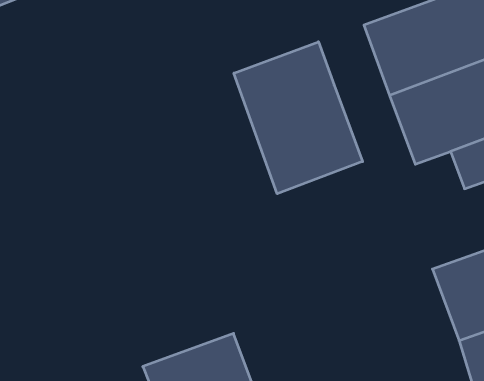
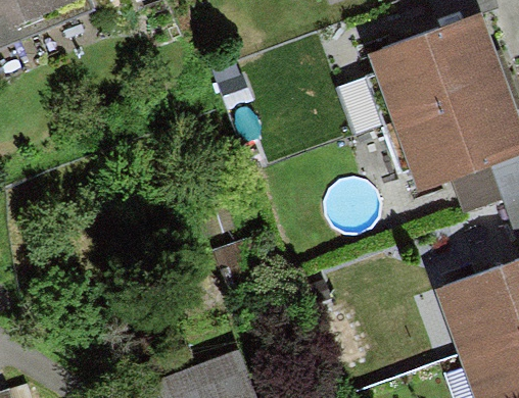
building: [234,42,363,194] -> none

